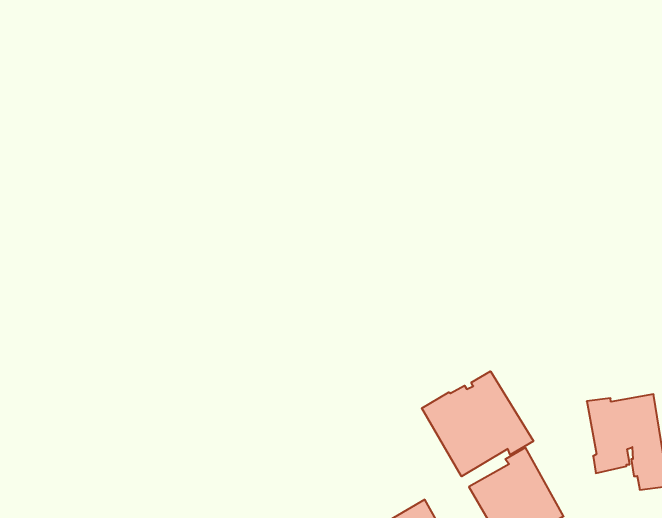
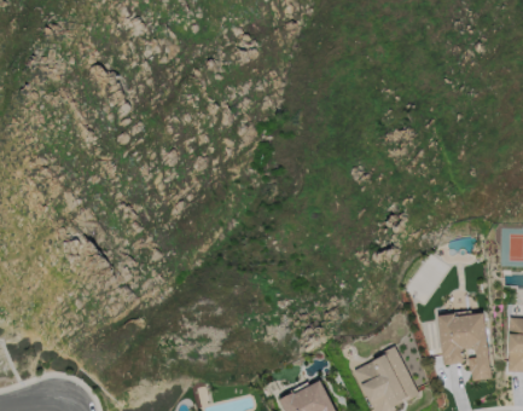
building: [422,371,533,476] -> none

